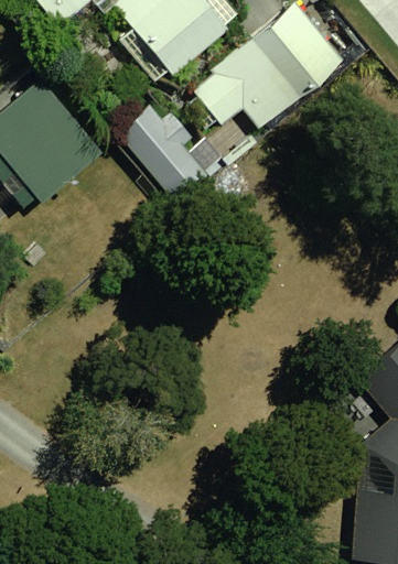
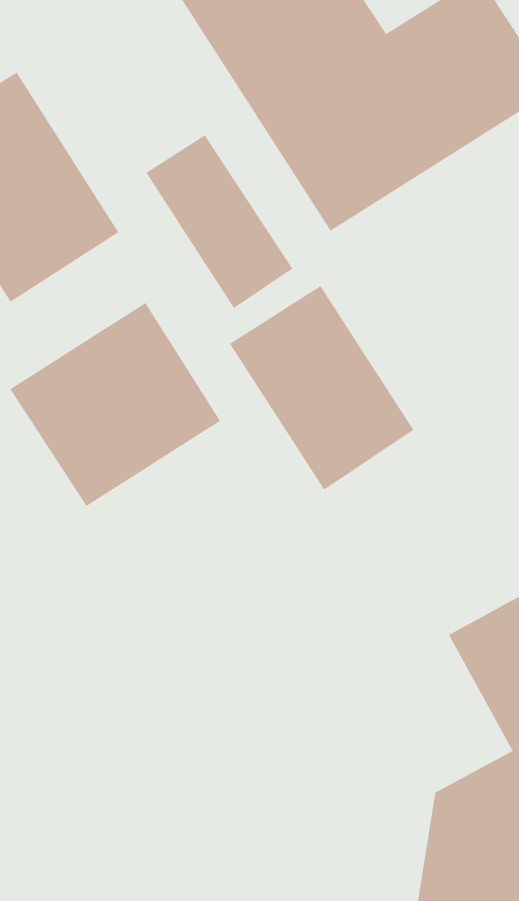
building: none -> [229,285,414,491]
building: none -> [9,302,221,507]

